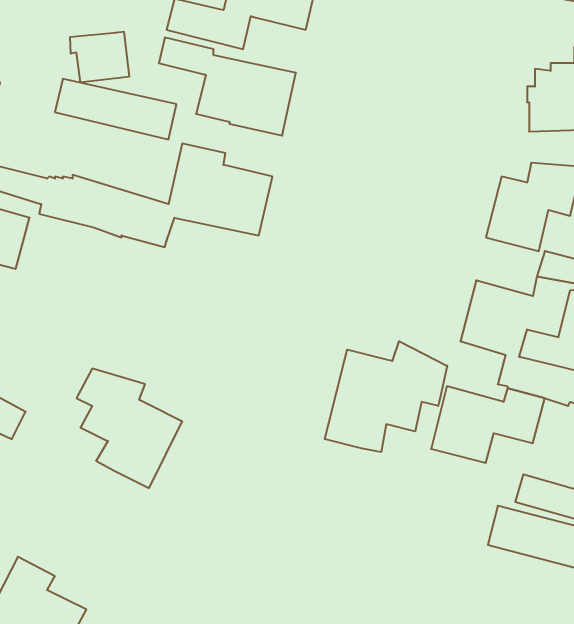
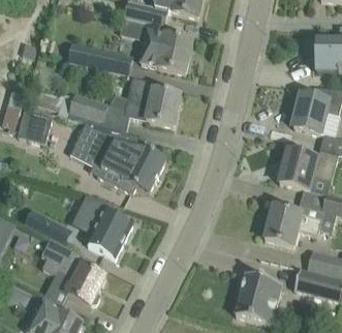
building: [70,32,129,83] -> none
building: none -> [73,121,165,192]
building: [325,341,447,452] -> none
building: none -> [41,238,105,305]
building: none -> [235,273,281,324]

